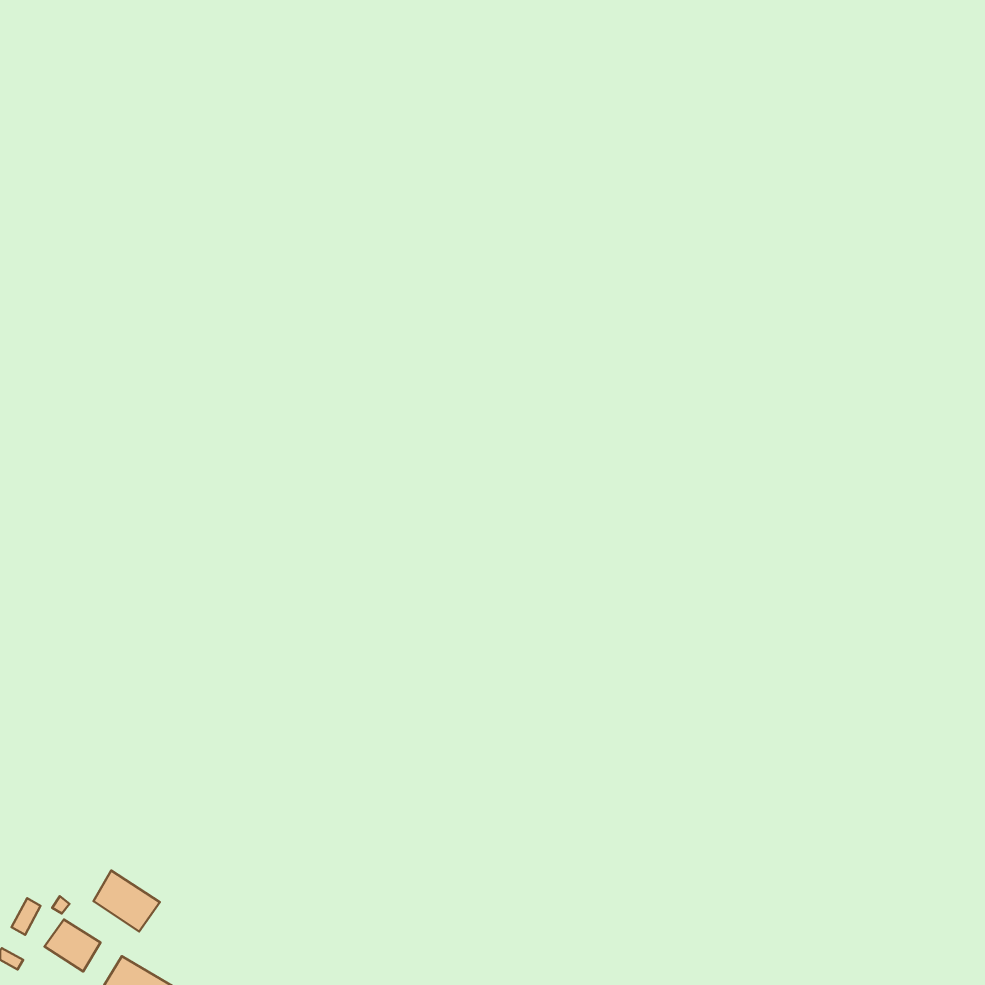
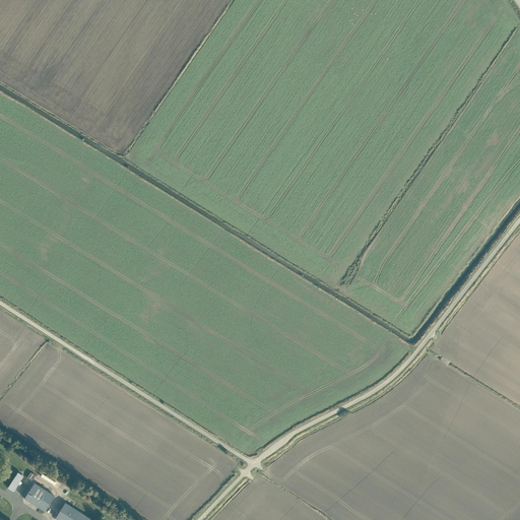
building: [94,871,160,932] -> none

